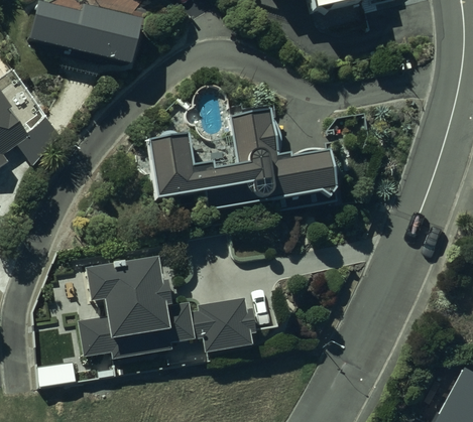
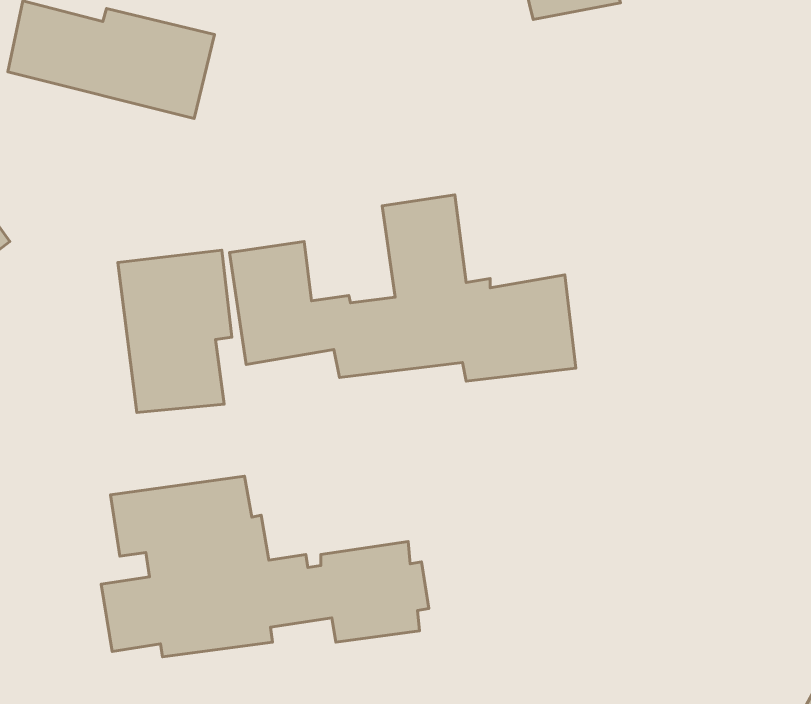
building: none -> [118,250,232,413]

